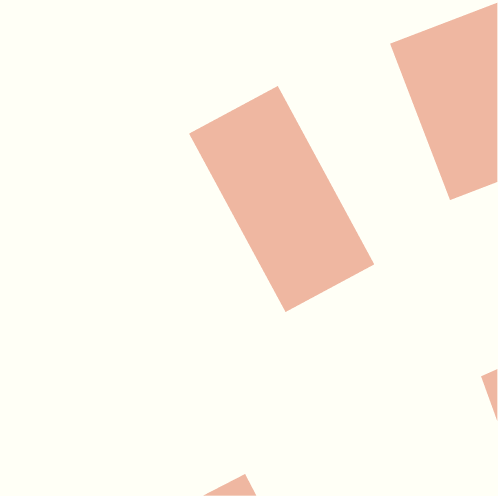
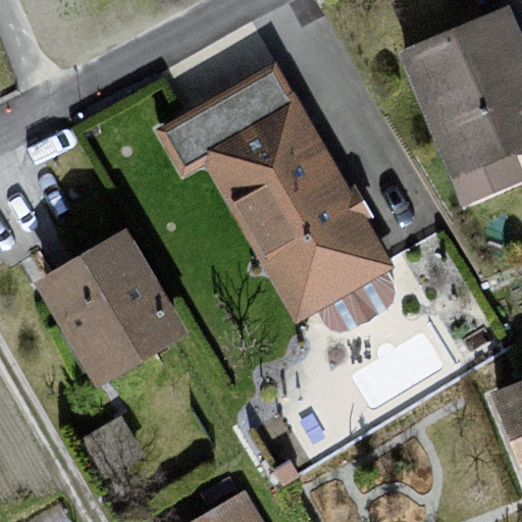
building: none -> [44,228,192,383]

